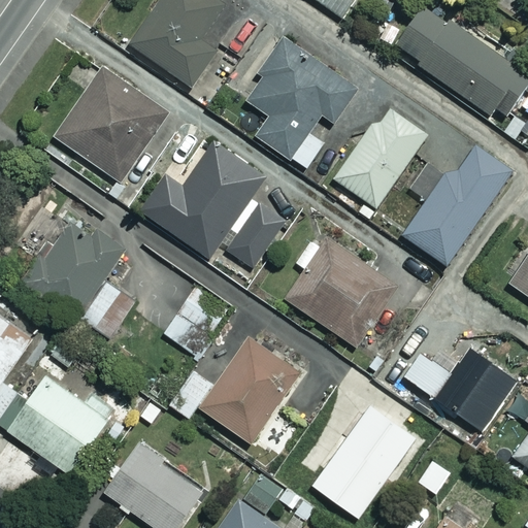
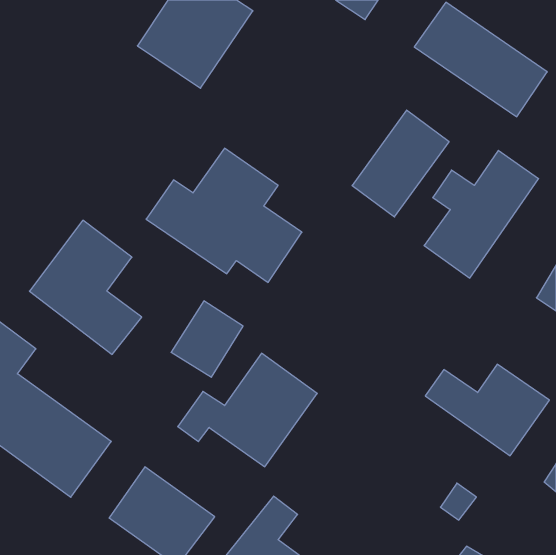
building: [244,39,359,168] -> none
building: [54,68,179,192] -> none
building: [285,237,396,346] -> none
building: [311,405,414,517] -> none

